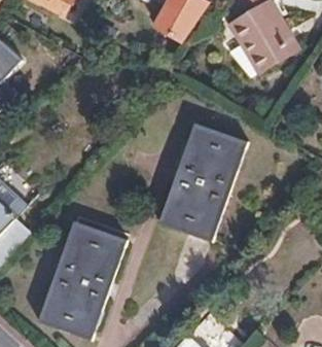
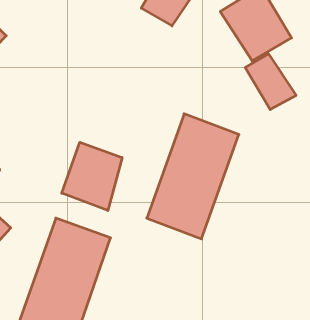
building: none -> [245,54,296,110]
building: none -> [62,142,122,211]

